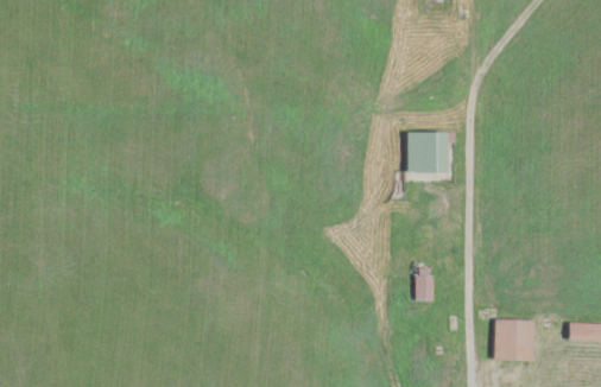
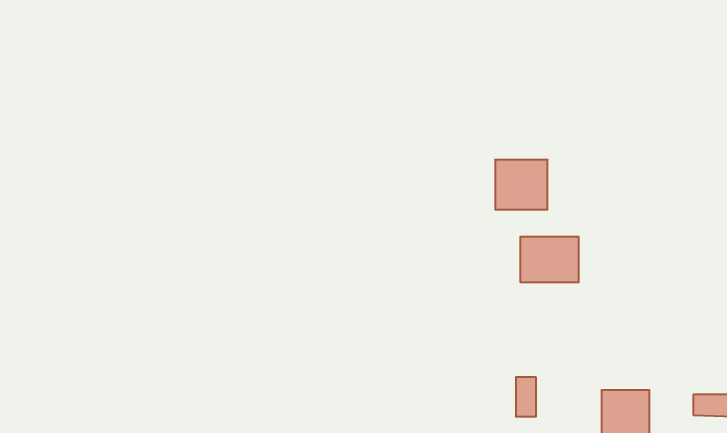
building: none -> [520,237,579,282]
building: [415,267,431,299] -> [516,377,536,417]

